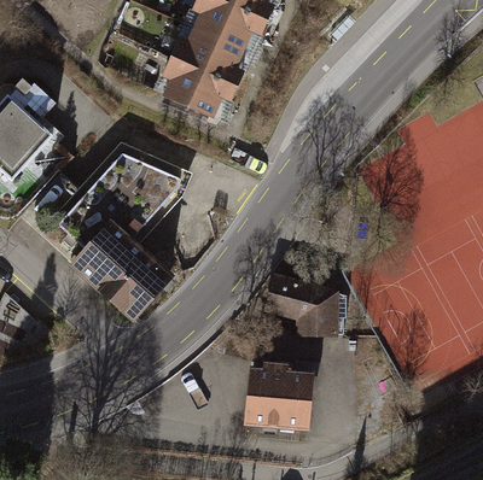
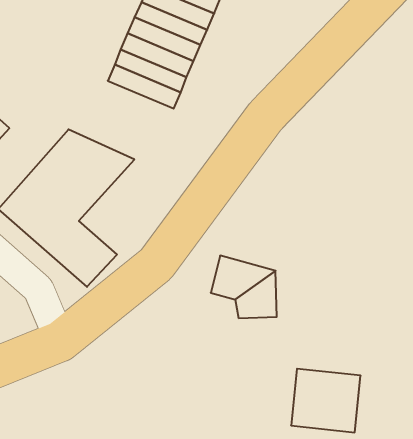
building: [239,369,312,435] -> [291,369,361,432]

